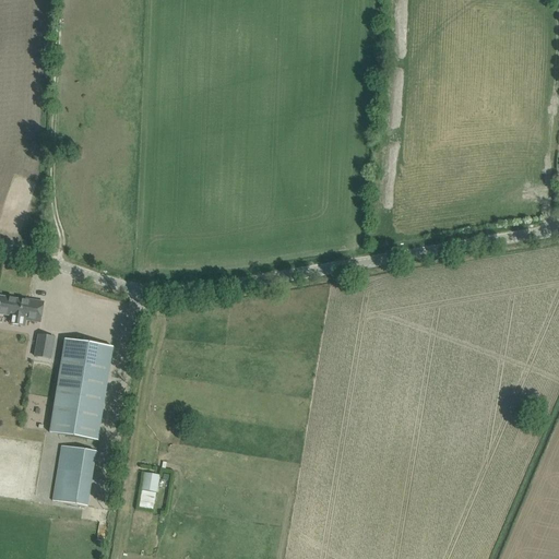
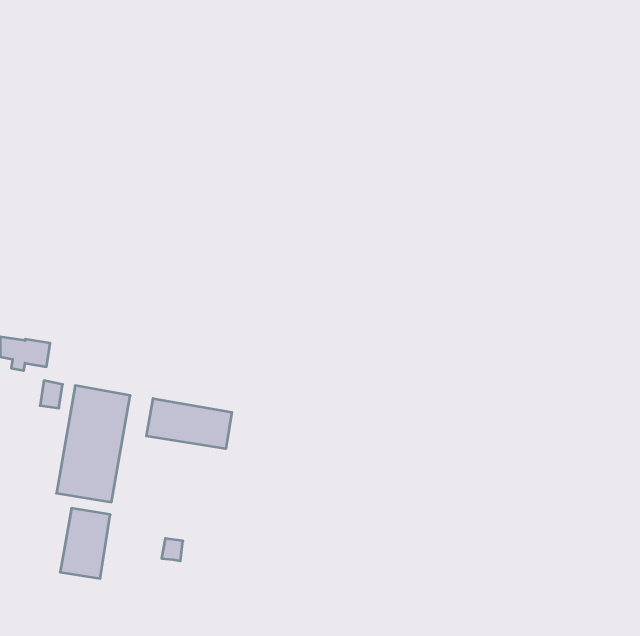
building: none -> [146,398,232,449]

